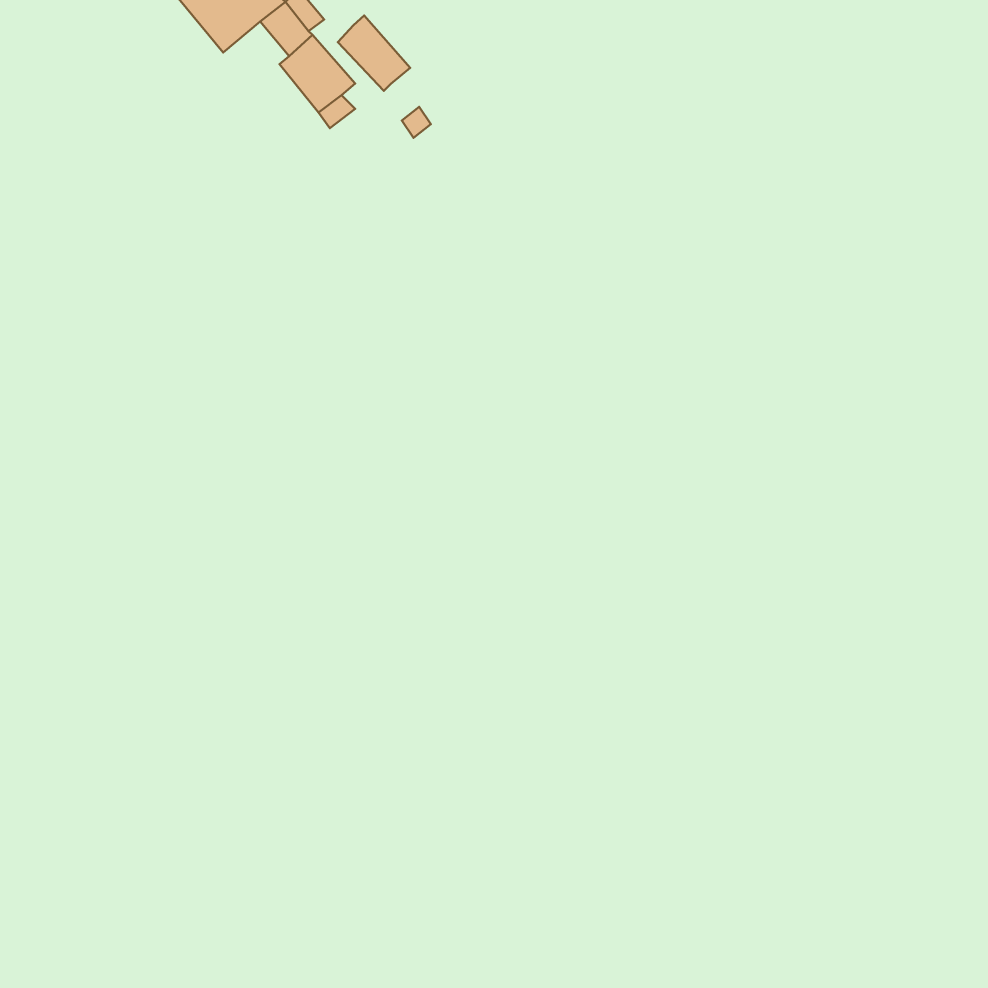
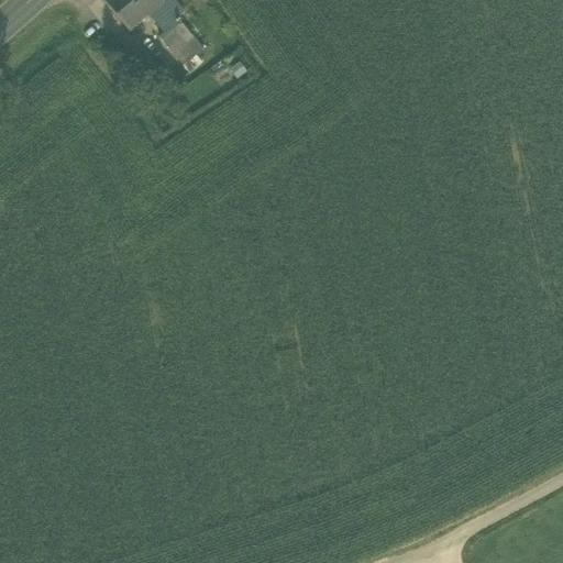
building: [338,15,410,91] -> none

